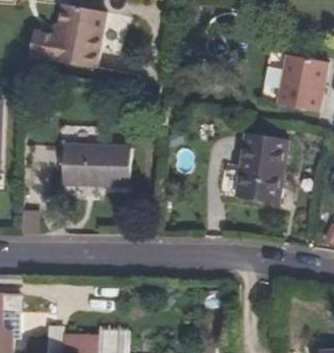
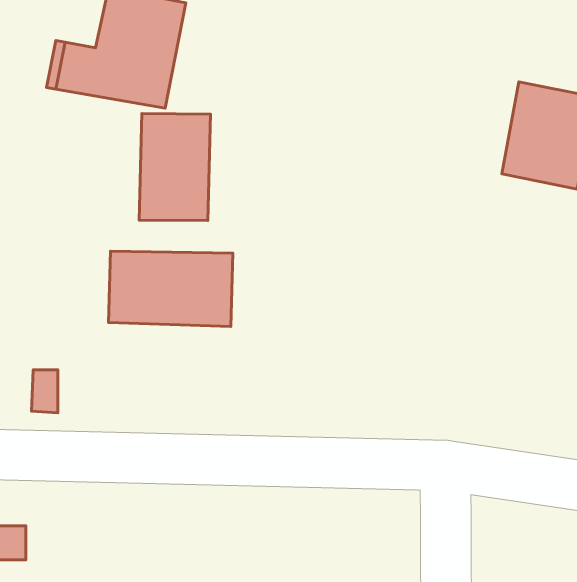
building: none -> [139,114,210,221]
building: [235,131,288,202] -> none

